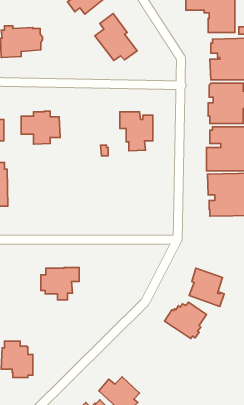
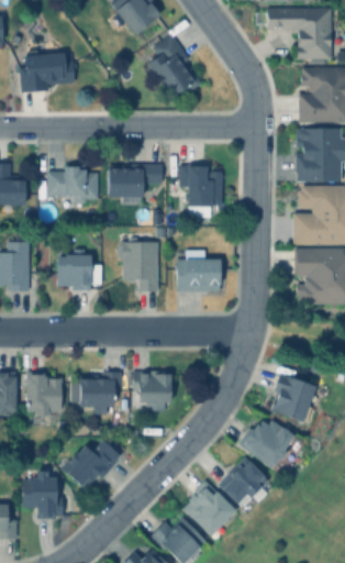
building: none -> [107,164,163,205]
building: none -> [118,238,158,291]
building: none -> [56,249,101,290]
building: none -> [176,252,219,291]
building: none -> [24,371,65,416]
building: none -> [133,371,170,411]
building: none -> [59,440,120,488]
building: none -> [216,457,268,507]
building: none -> [181,481,237,539]

